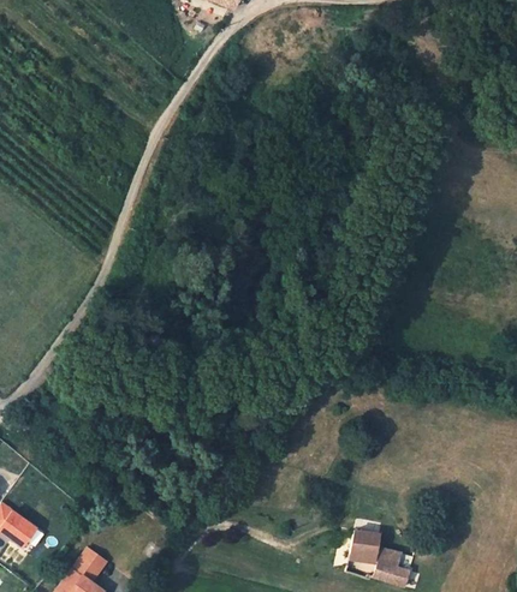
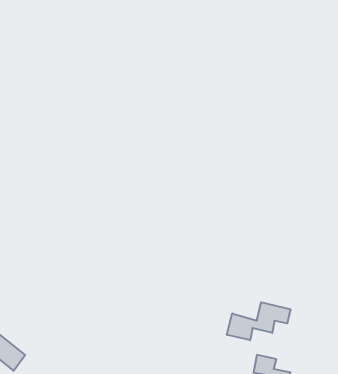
building: none -> [227,302,290,340]

